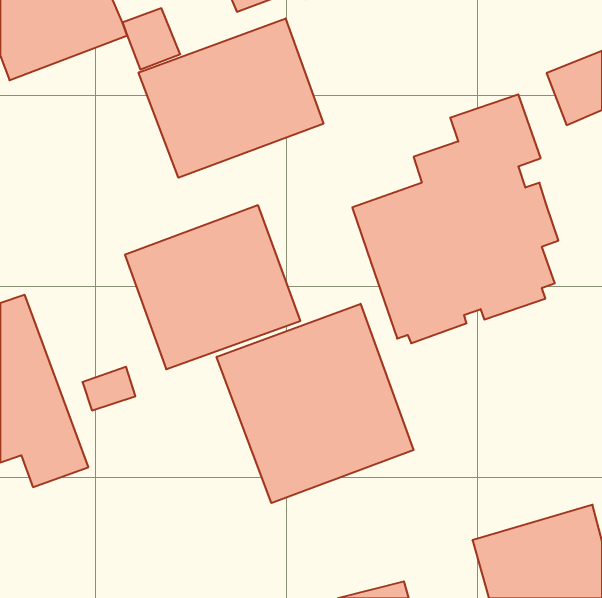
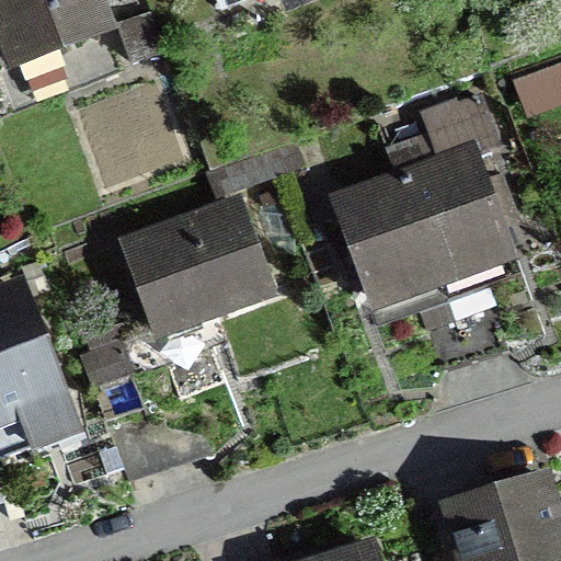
building: [139,18,323,178] -> none
building: [217,304,414,503] -> none

